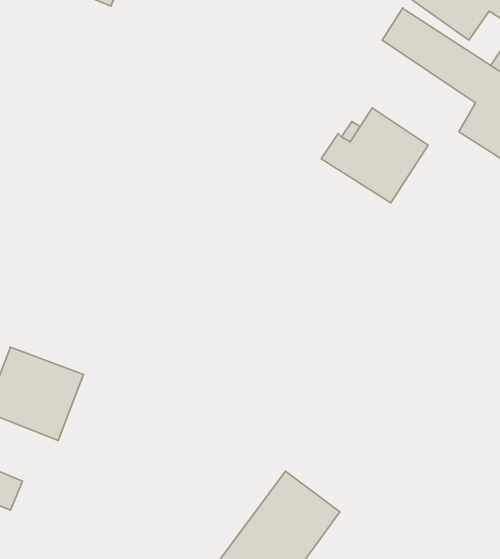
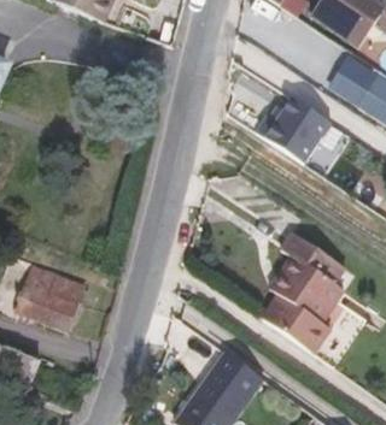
building: none -> [262,231,345,352]

